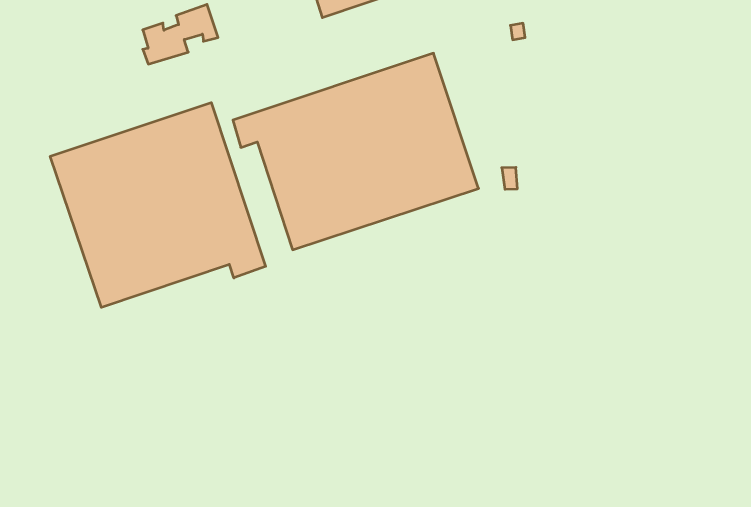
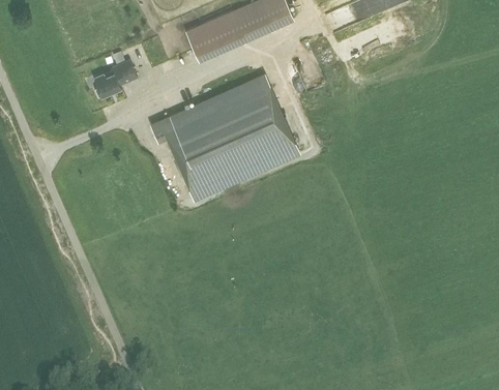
building: [50,103,266,307] -> none

